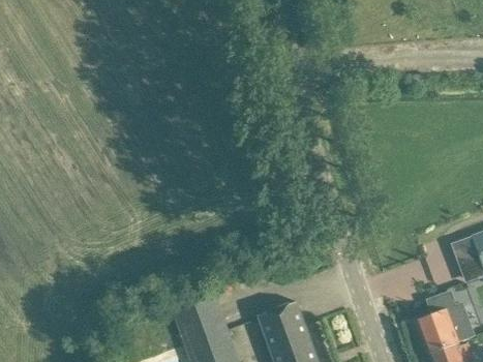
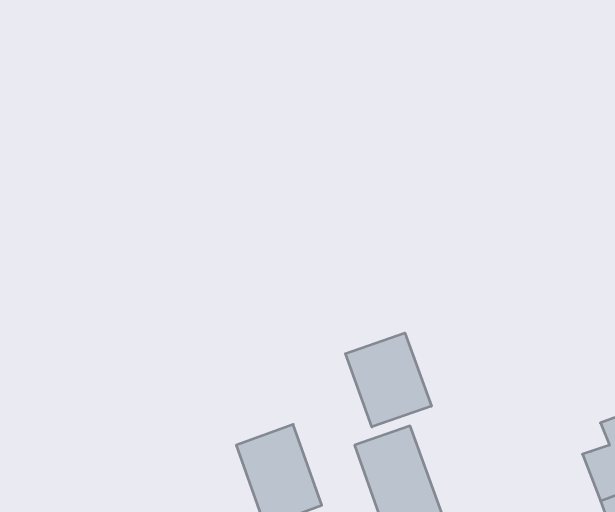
building: none -> [345,333,431,427]

